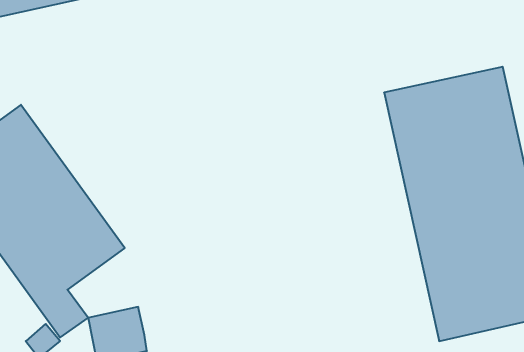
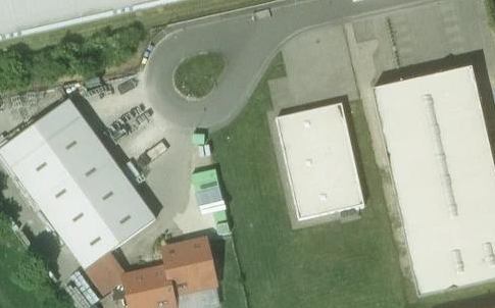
building: none -> [276,102,363,218]
building: none -> [162,240,212,290]

